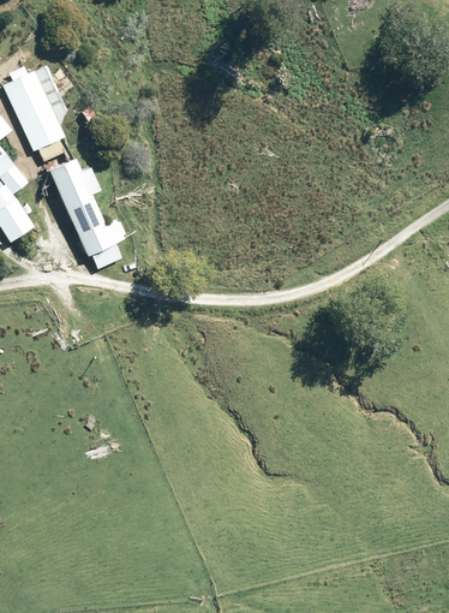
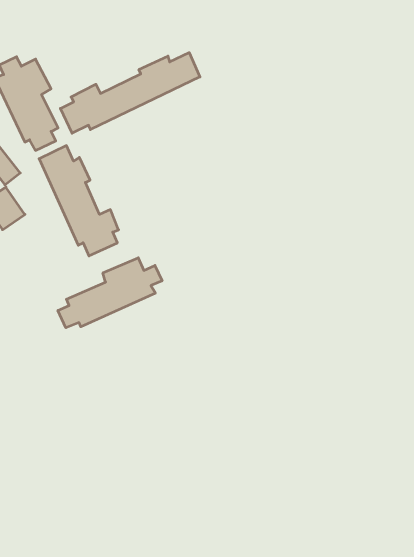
building: none -> [60,53,200,133]
building: none -> [58,258,162,328]

